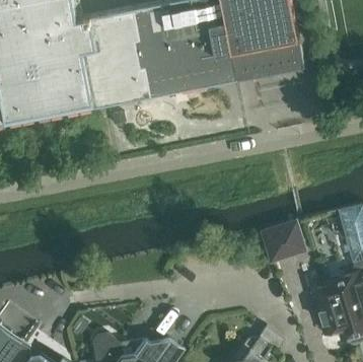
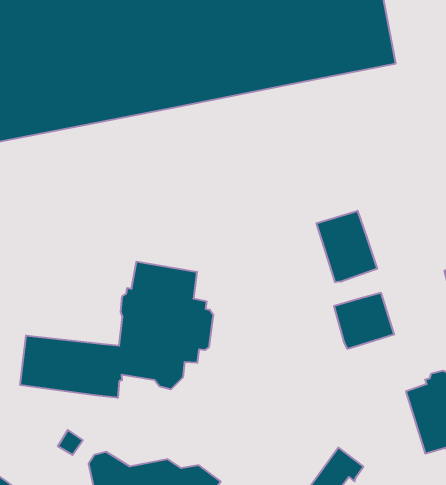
building: none -> [317,211,377,282]
building: none -> [20,262,213,398]

